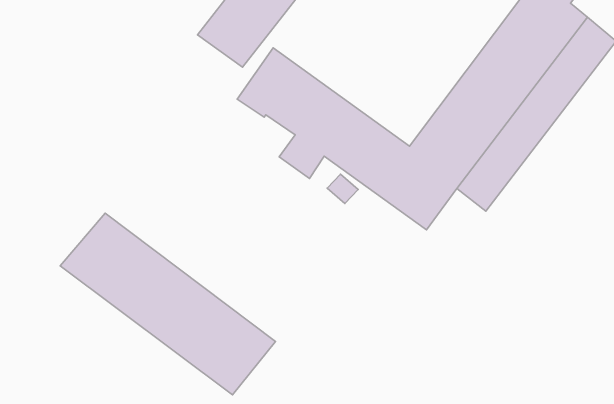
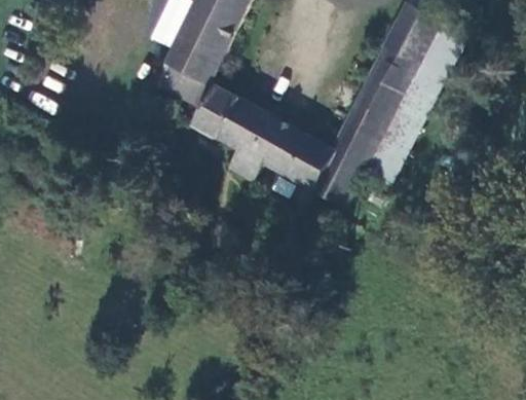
building: [60,213,276,395] -> none

